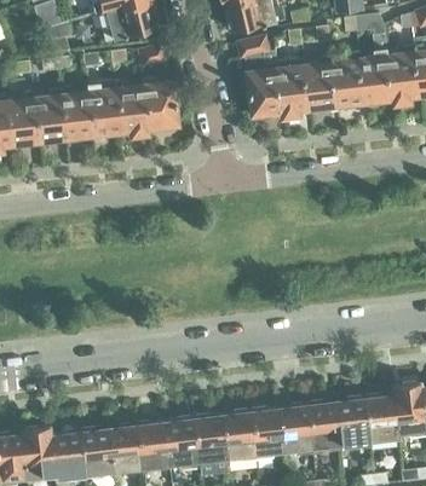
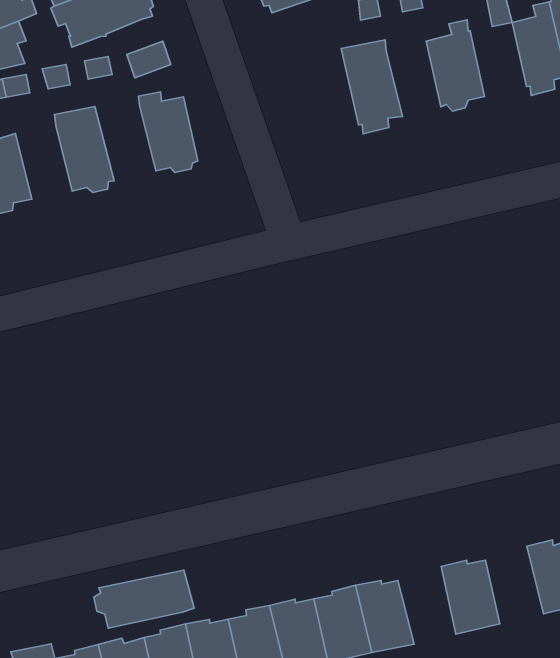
building: [237,37,282,120] -> none
building: [305,57,336,114] -> none
building: [361,58,393,108] -> none
building: [113,81,148,138] -> none
building: [59,88,92,143] -> none
building: none -> [94,570,194,628]
building: [334,398,368,446] -> none
building: [276,405,310,453] -> none

